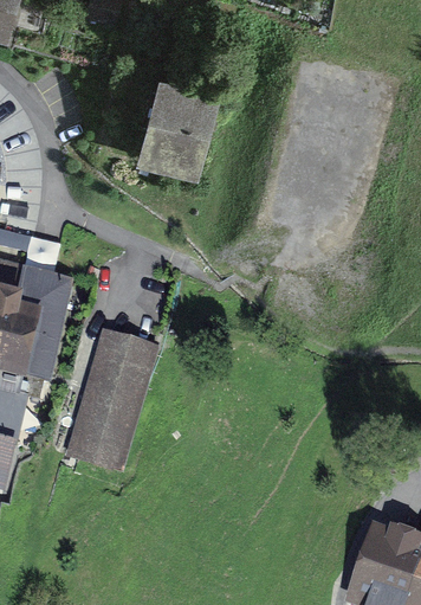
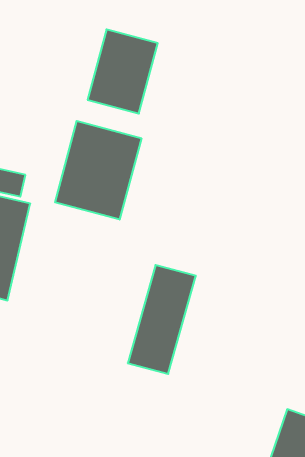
building: none -> [55,121,141,220]
building: [72,335,154,465] -> [128,265,196,374]

